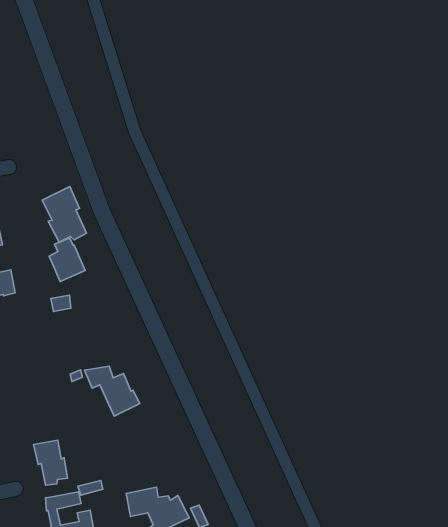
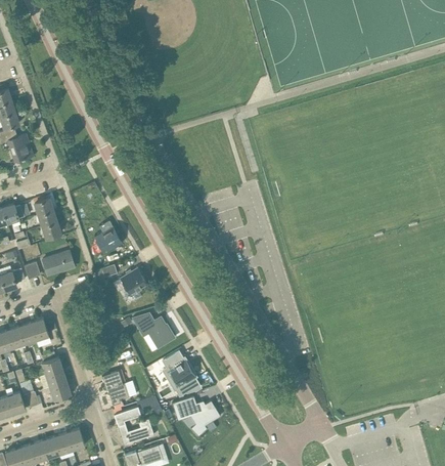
building: [42,186,87,242] -> none
building: none -> [120,267,147,296]
building: none -> [163,351,201,396]

